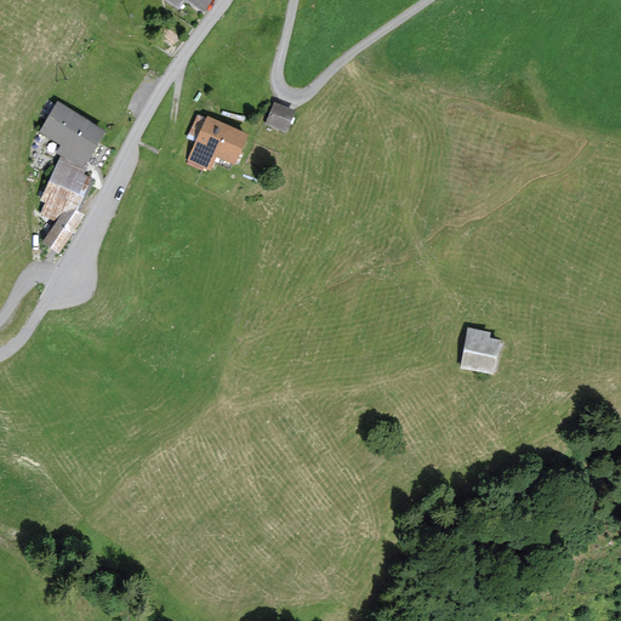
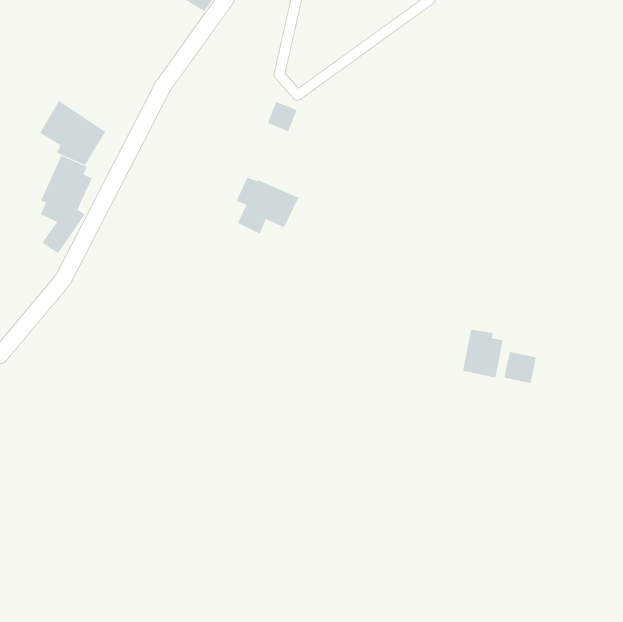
building: [186,113,249,170] -> [236,177,299,234]
building: none -> [504,351,537,384]

